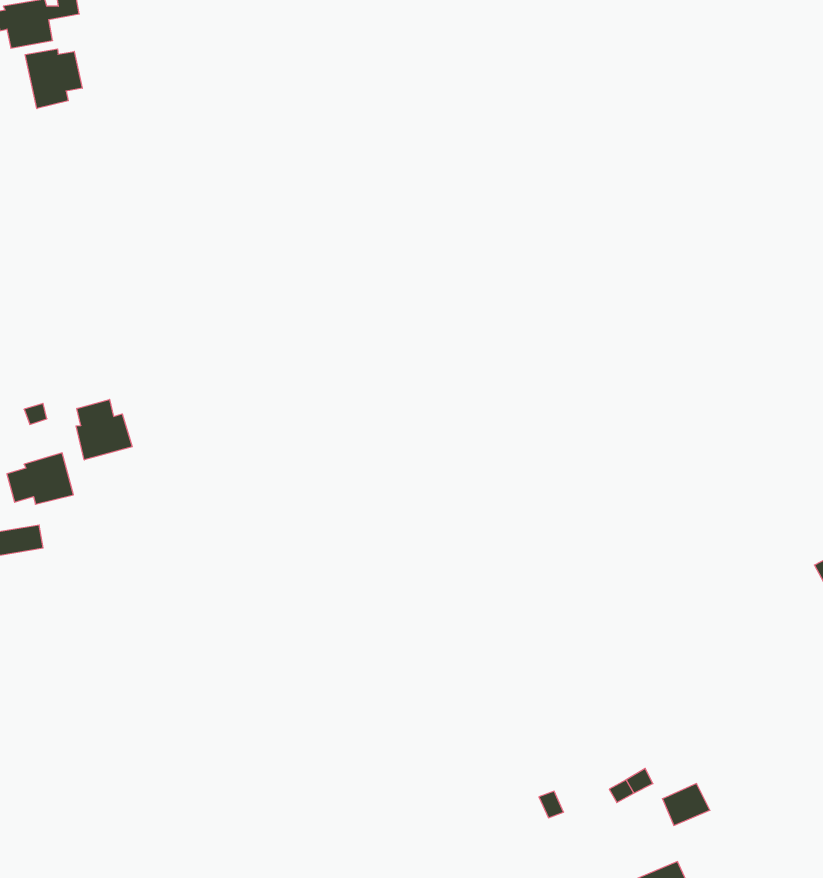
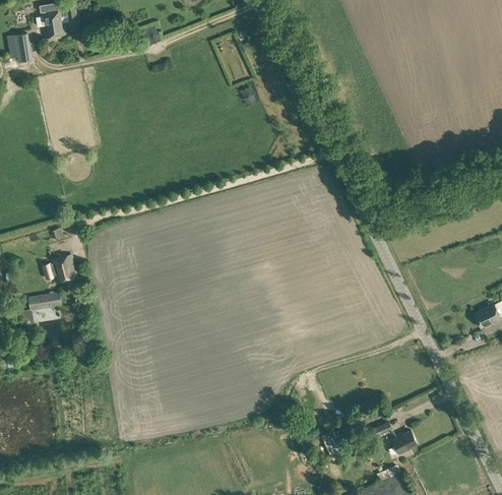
building: [25,49,82,109] -> none
building: [76,399,132,460] -> none

